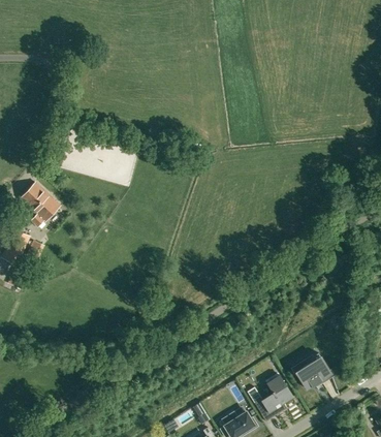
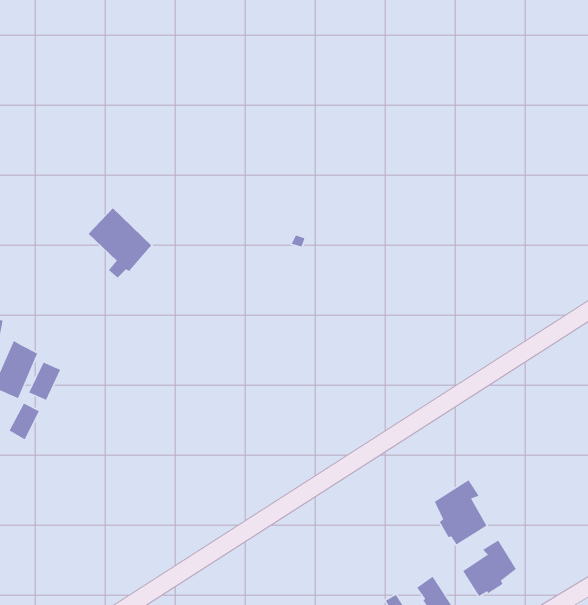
building: [19,182,59,226] -> [88,208,152,278]
building: none -> [434,479,488,545]

